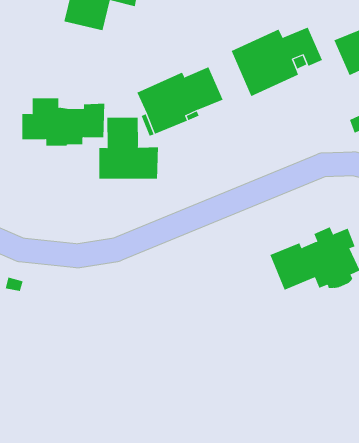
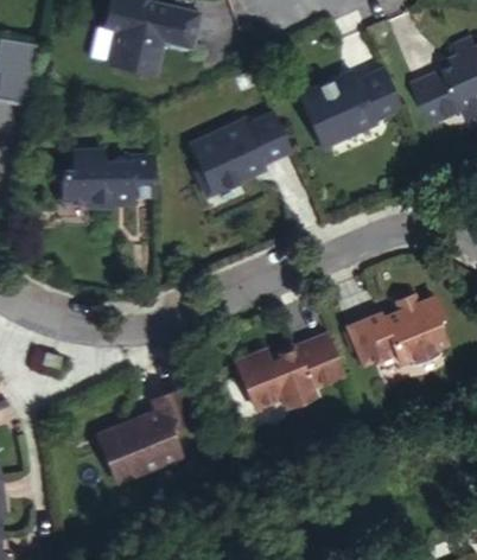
building: [99,117,158,180] -> none
building: none -> [236,337,342,413]
building: none -> [96,392,196,483]

